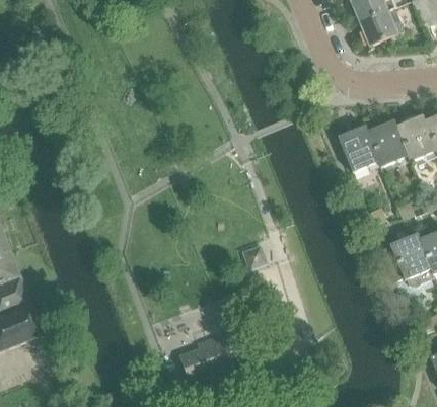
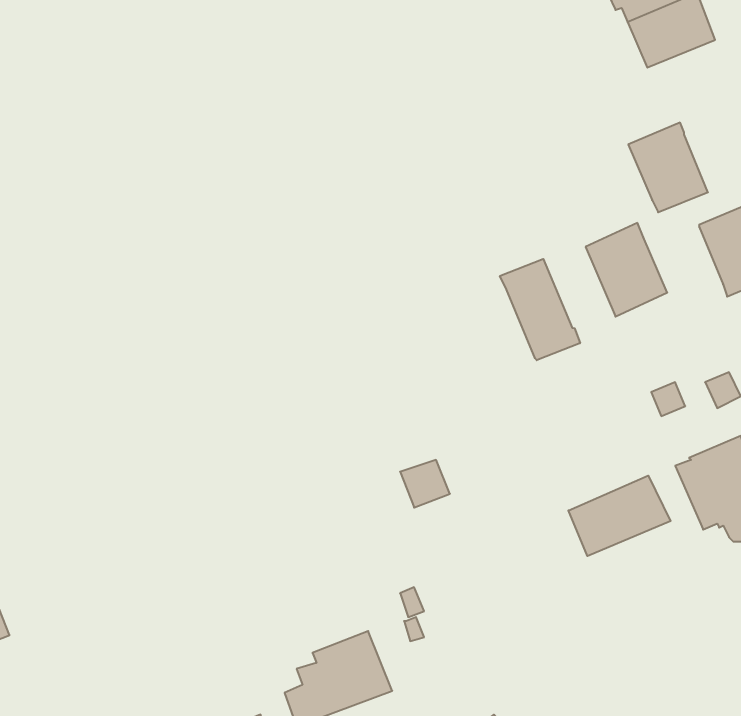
building: [366,119,407,165] -> [628,123,708,212]
building: none -> [500,259,580,360]
building: none -> [568,476,671,556]

